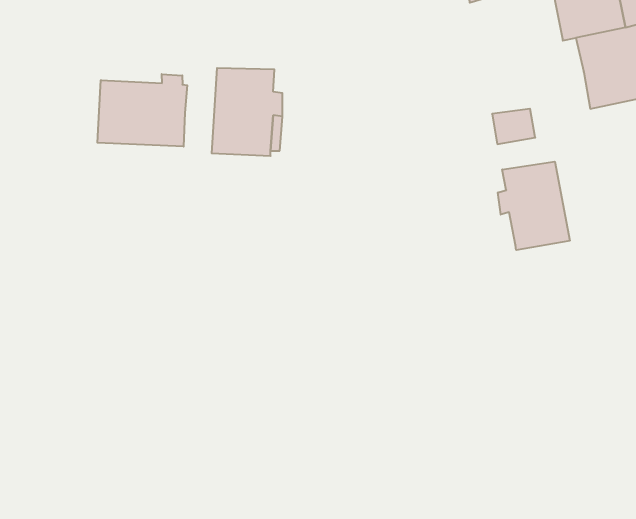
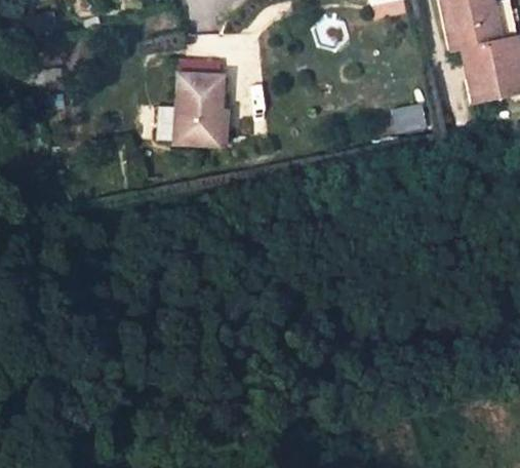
building: [97,74,187,147] -> none
building: [498,162,570,250] -> none

